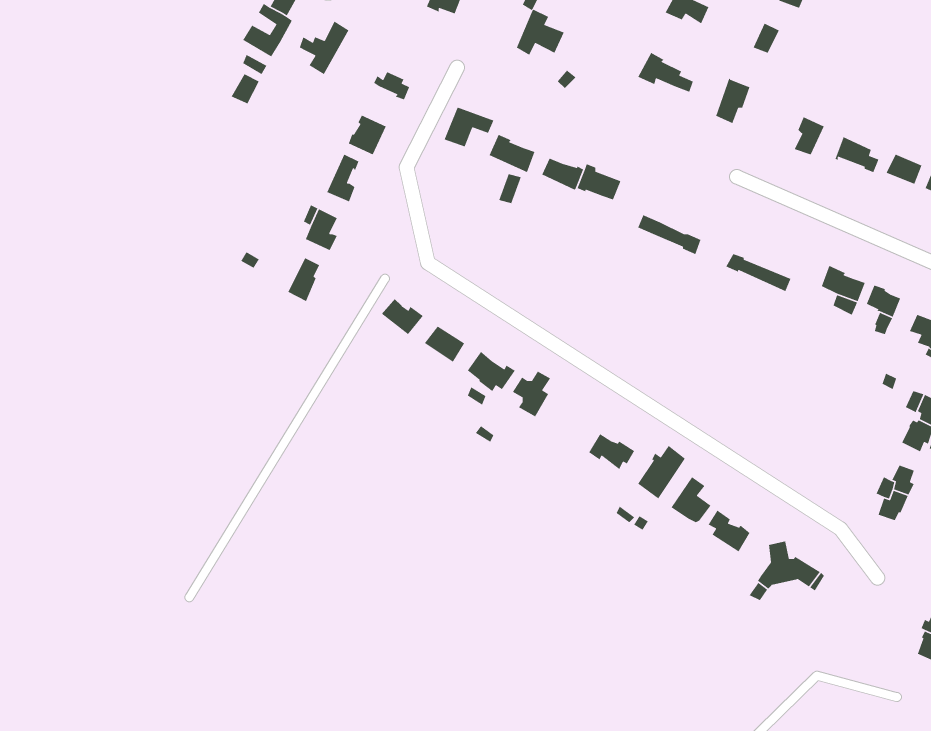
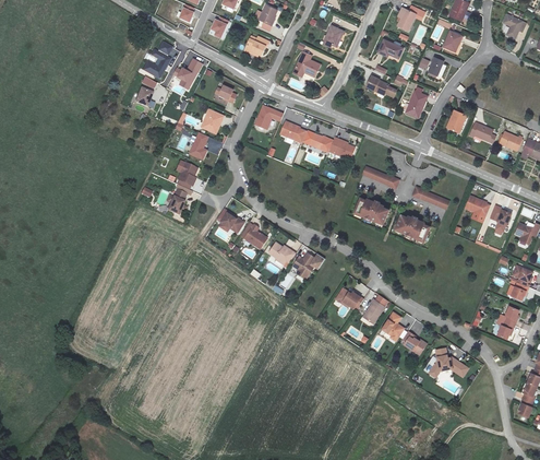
building: none -> [355,198,388,222]
building: none -> [395,214,429,239]

